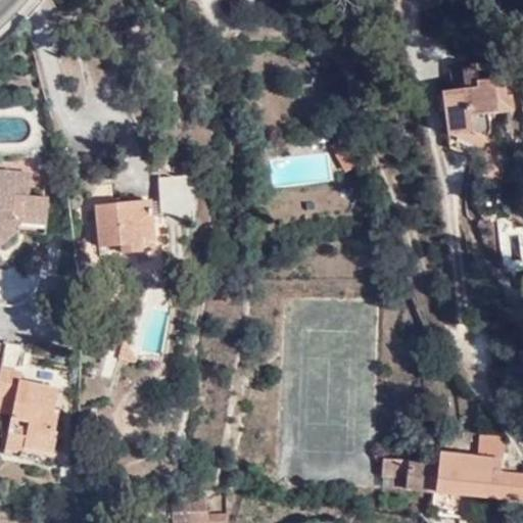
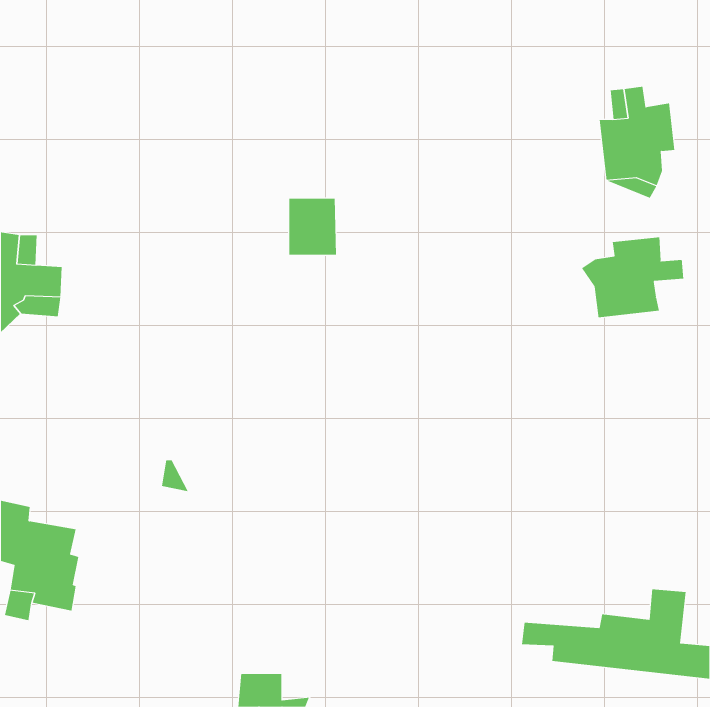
building: none -> [581,236,684,318]
building: [156,176,192,218] -> [288,198,337,255]
building: [96,198,155,254] -> none

